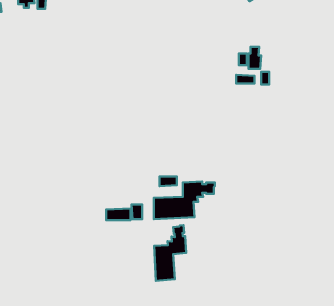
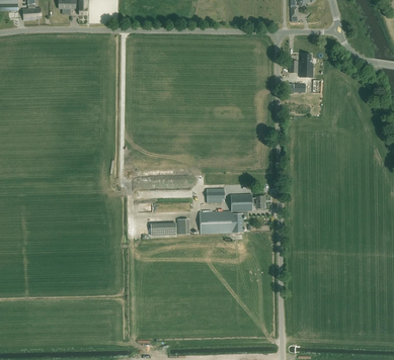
building: [154,225,186,281] -> none

